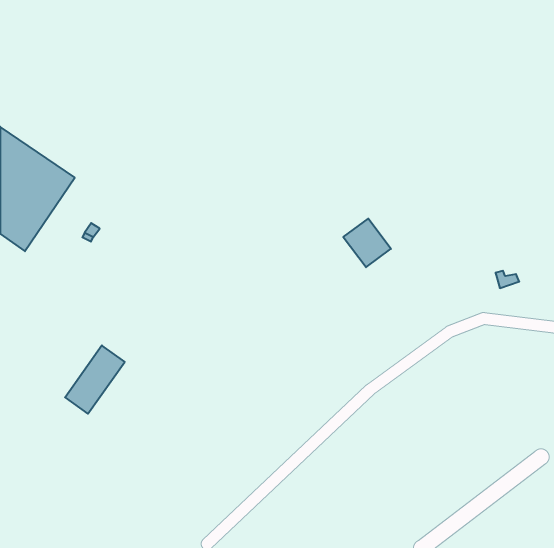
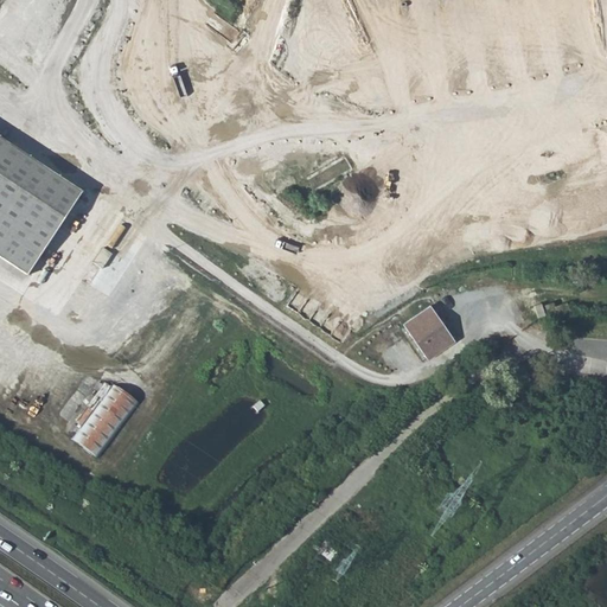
building: [343,219,391,267] -> [395,298,447,351]

